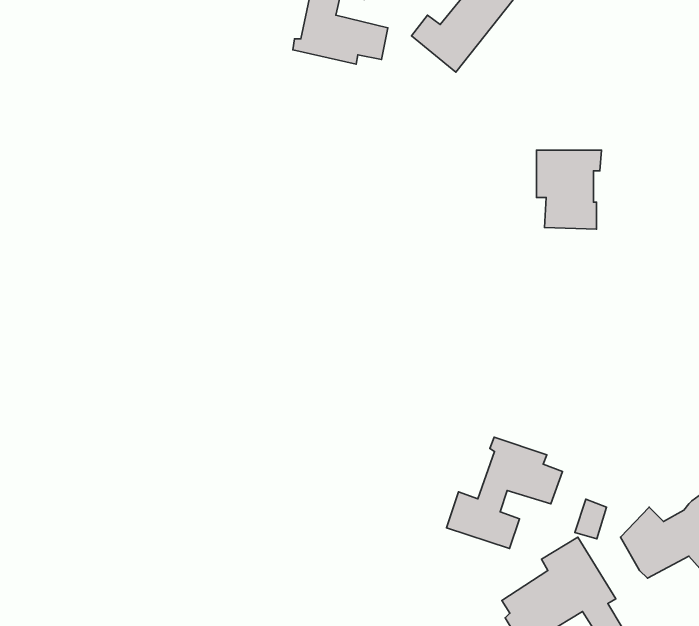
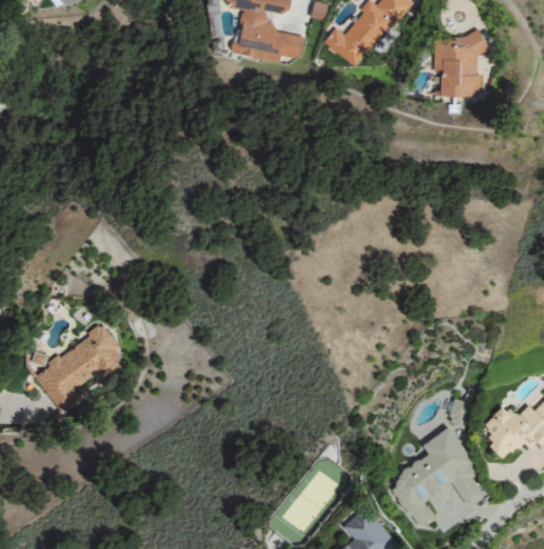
building: [537,150,601,229] -> [434,38,483,98]
building: none -> [36,327,125,413]
building: [446,437,562,549] -> none

